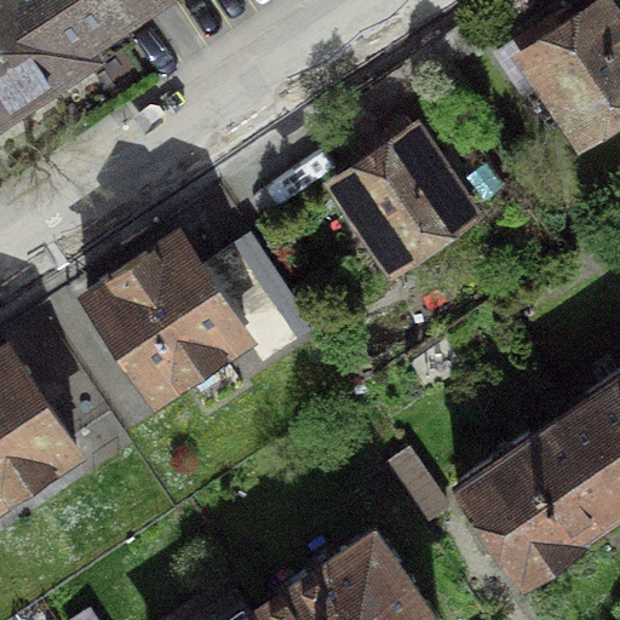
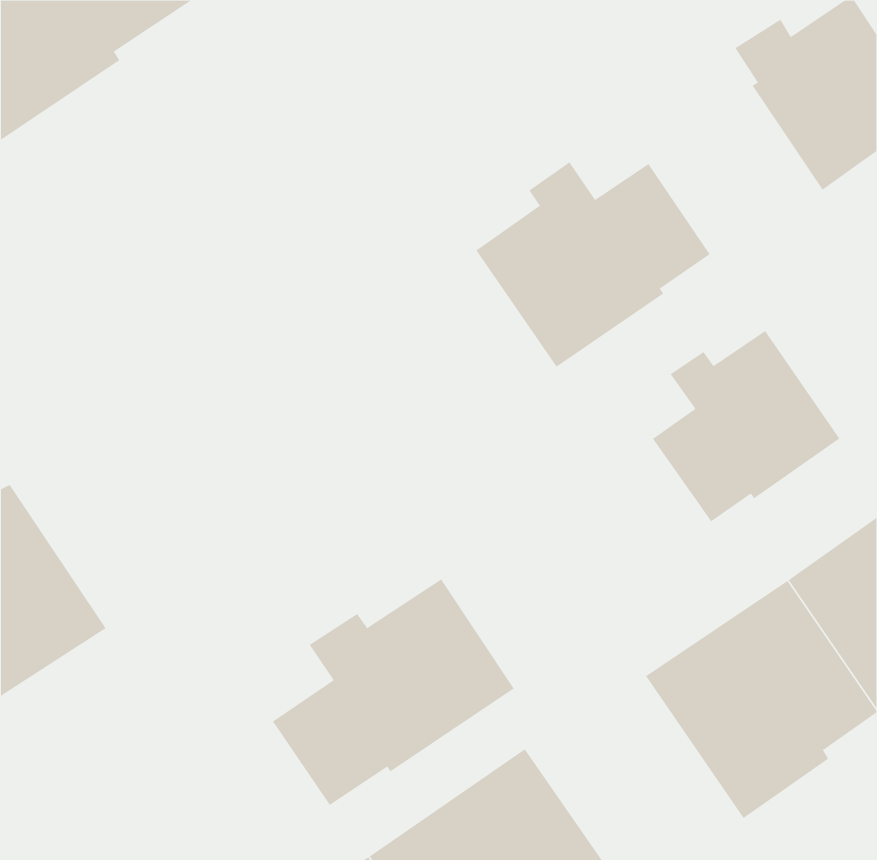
building: [86,240,287,402] -> none
building: none -> [652,330,840,522]
building: none -> [272,579,514,806]

